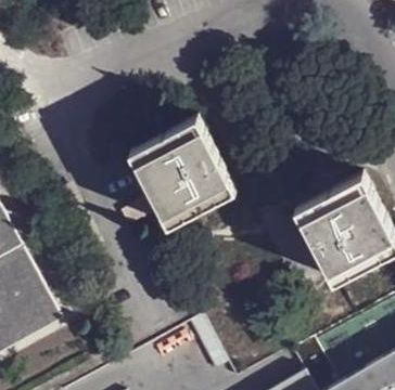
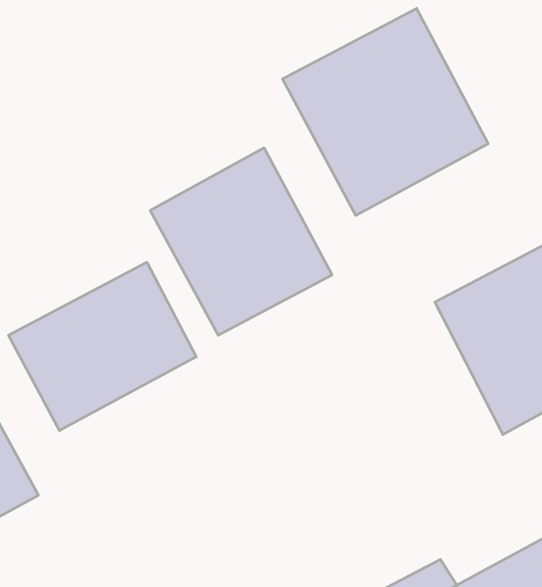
building: none -> [283,8,488,215]
building: none -> [9,262,196,431]

